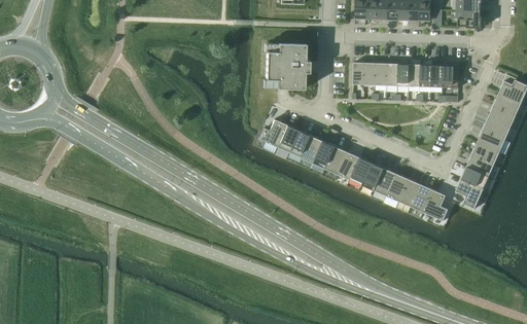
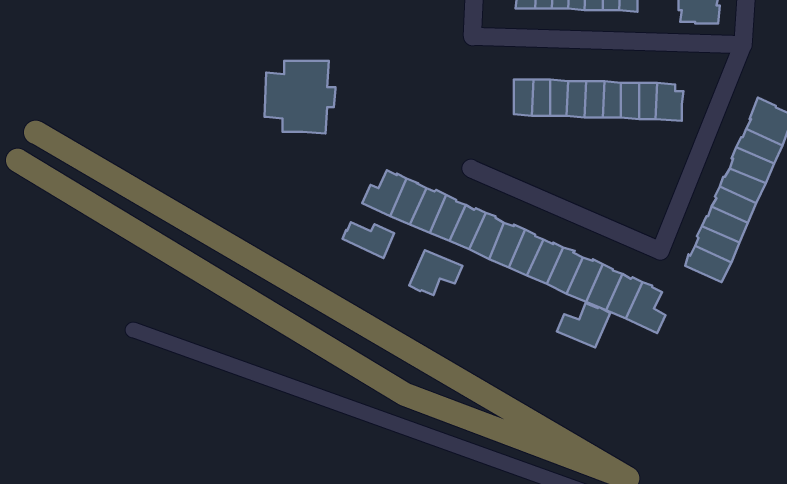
building: [266,44,310,89] -> [264,61,335,133]
building: none -> [342,222,394,258]
building: none -> [409,250,462,295]
building: [456,179,484,209] -> none
building: none -> [557,303,610,347]

